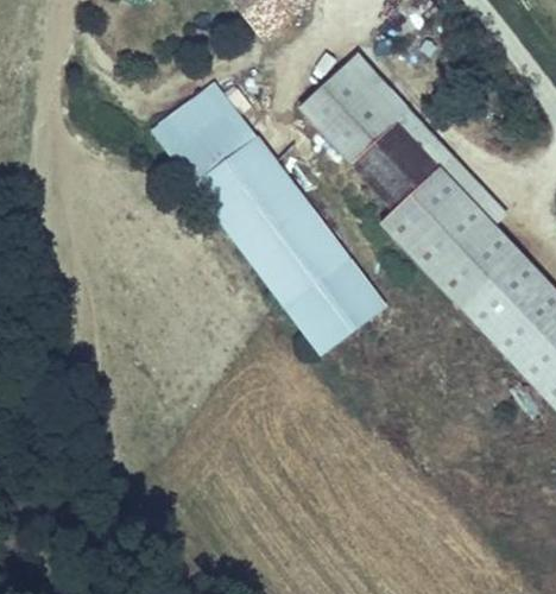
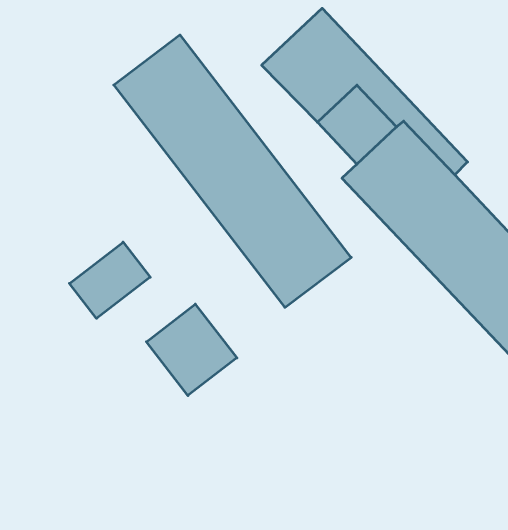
building: none -> [69,242,150,318]
building: none -> [146,304,237,396]

